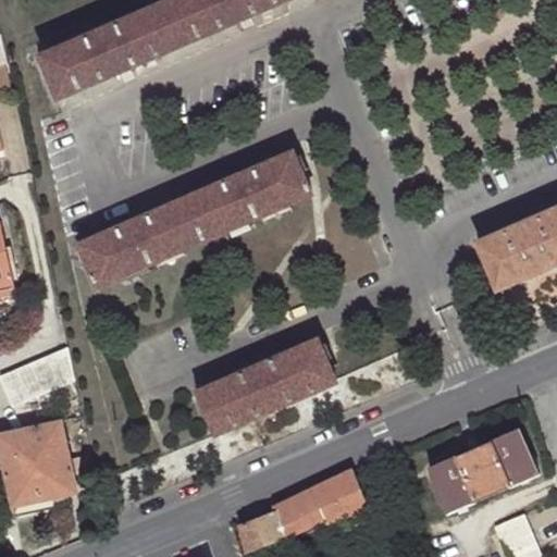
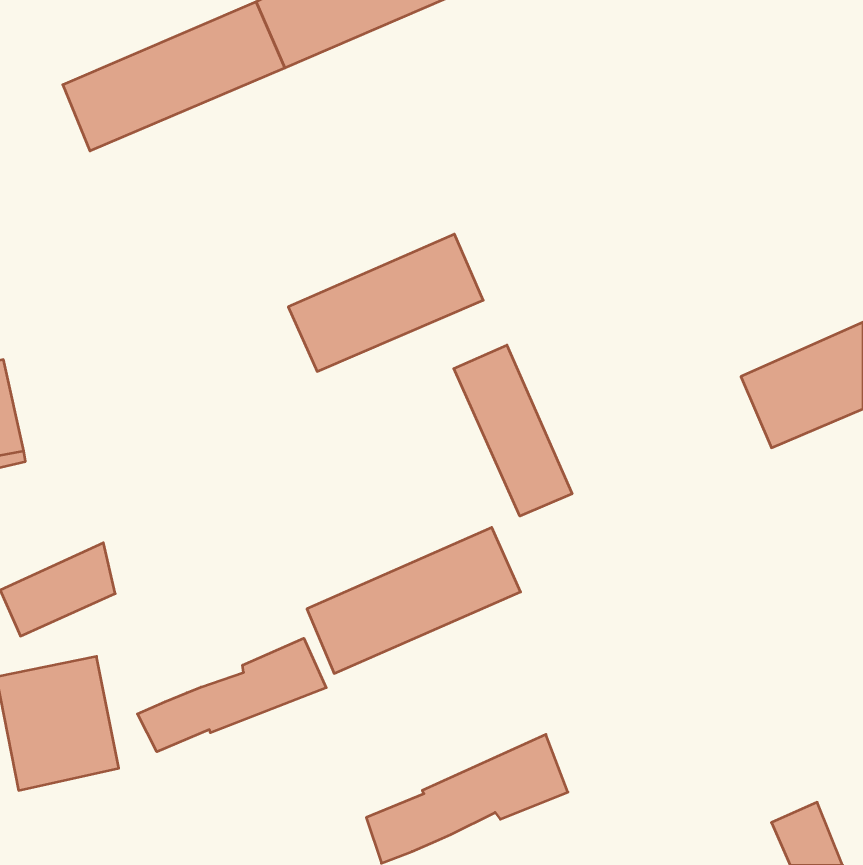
building: [77,197,203,285] -> none
building: none -> [454,345,572,516]
building: none -> [137,638,326,752]
building: [429,430,536,513] -> none

